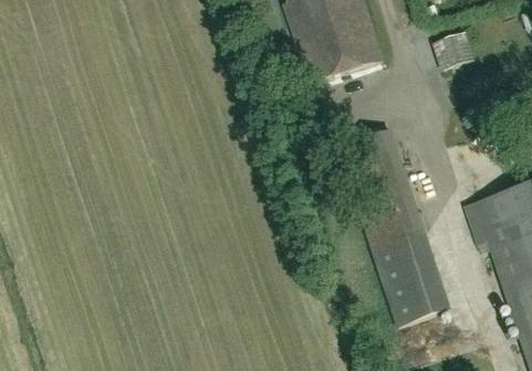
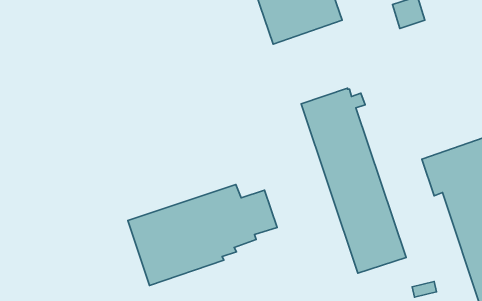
building: none -> [128,185,277,285]

